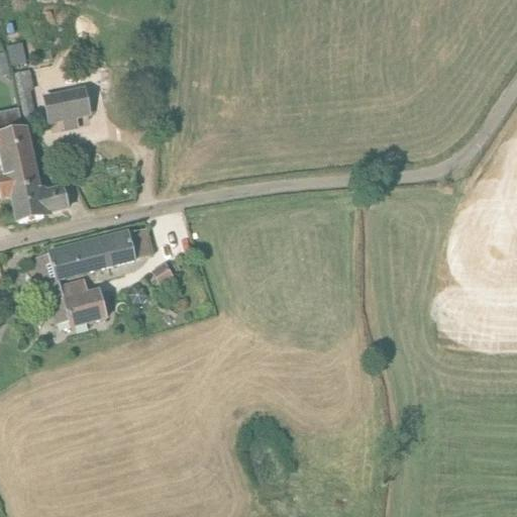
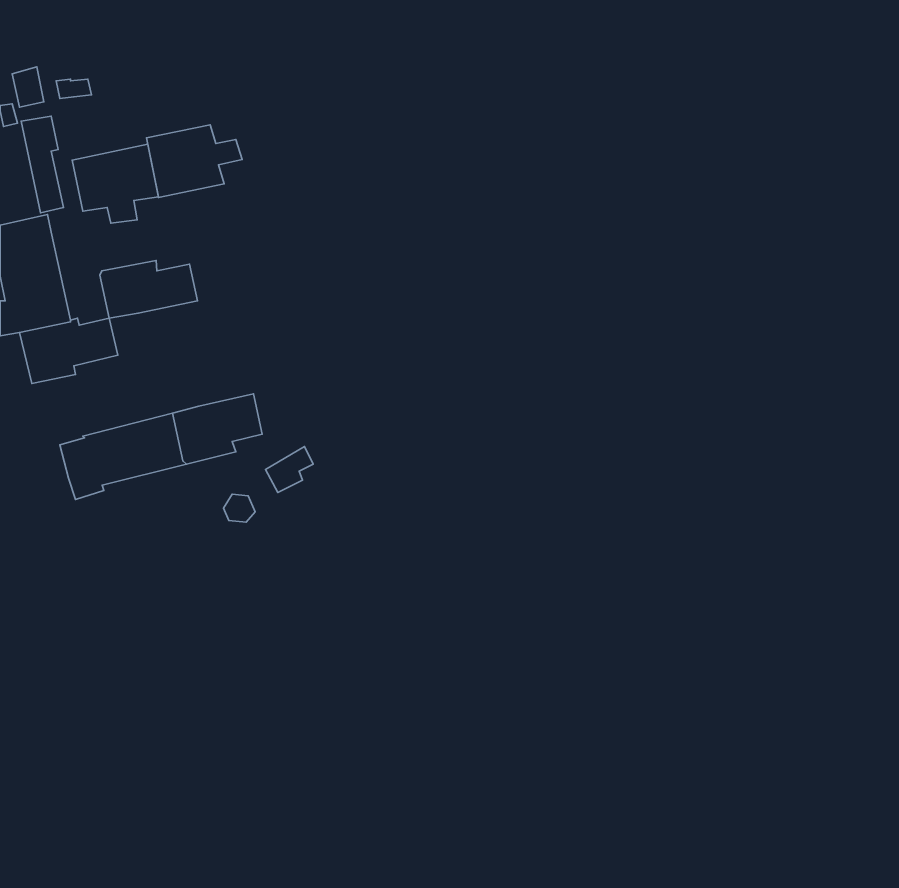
building: none -> [147,125,242,198]
building: none -> [100,261,198,318]
building: [43,277,106,324] -> none

